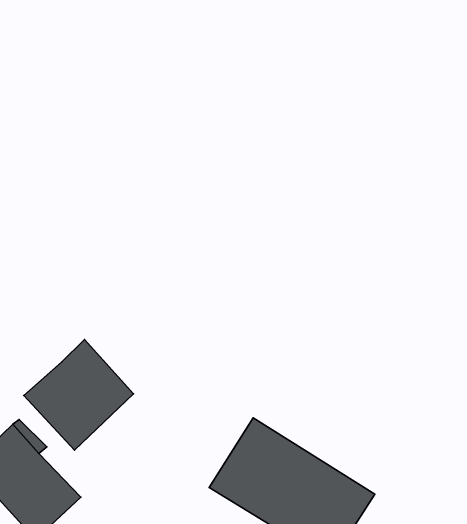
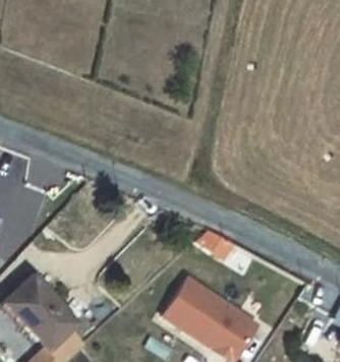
building: [24,339,134,450] -> none

